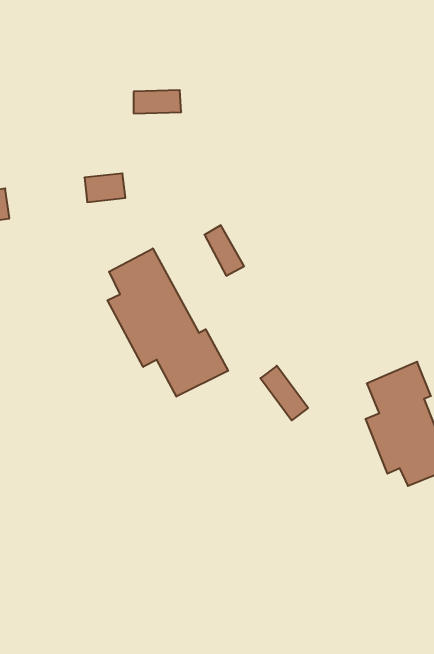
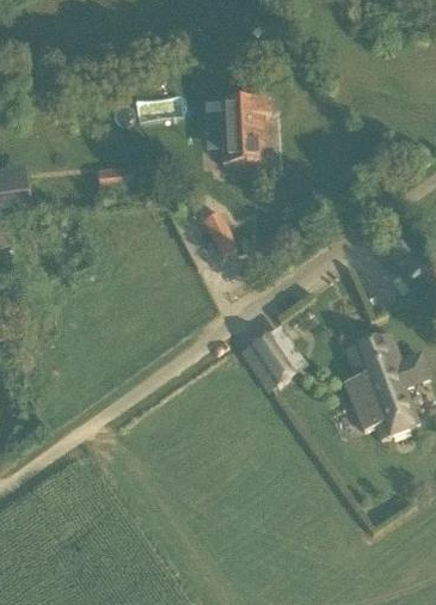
building: none -> [219,96,266,163]
building: [107,248,228,397] -> none

